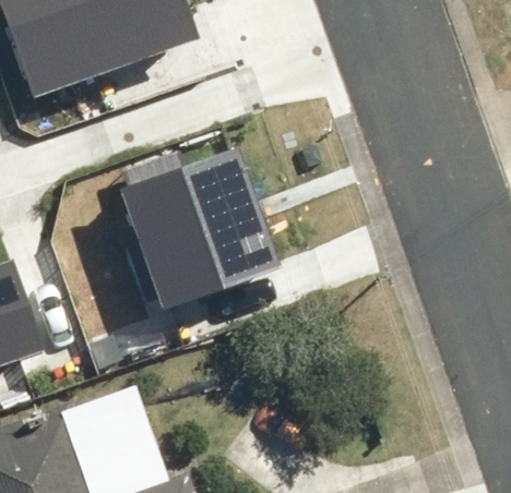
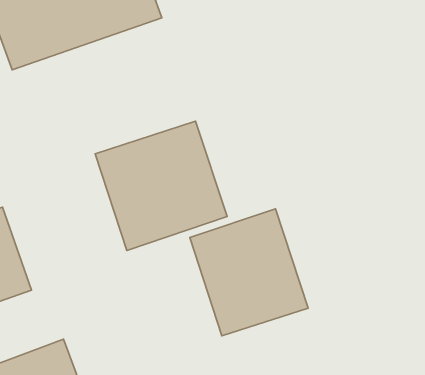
building: none -> [190,209,308,336]

